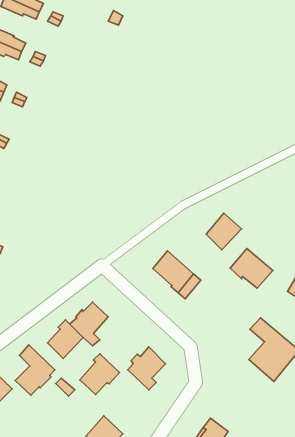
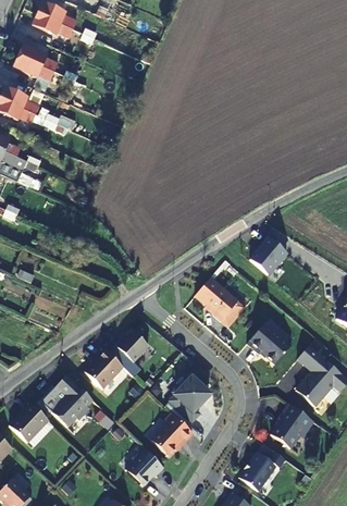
building: [230,248,273,288] -> [245,323,289,365]
building: [80,354,119,394] -> [149,414,190,456]
building: none -> [269,404,312,448]

